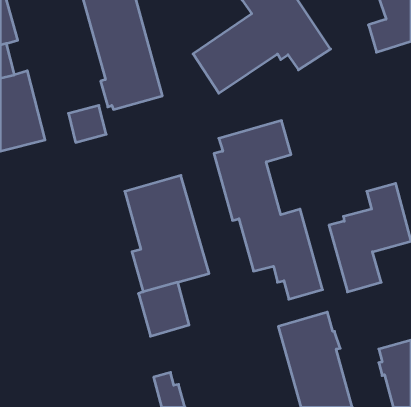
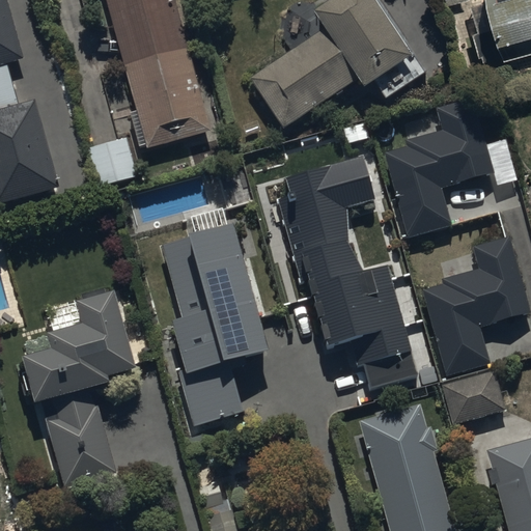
building: none -> [385,95,495,237]
building: none -> [23,295,136,487]
building: none -> [446,369,508,423]

